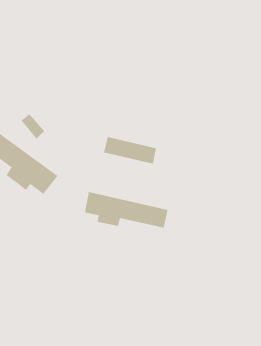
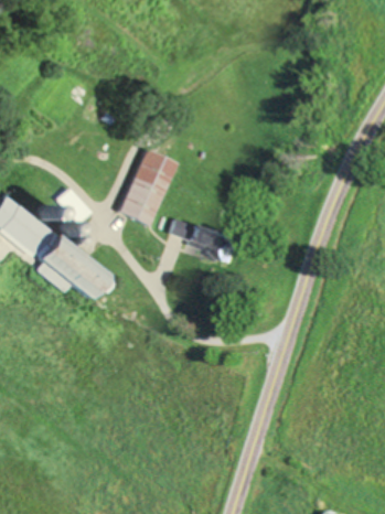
building: none -> [119,149,177,226]
building: [84,191,169,229] -> none

